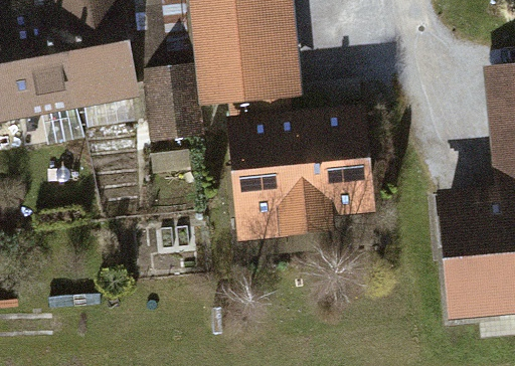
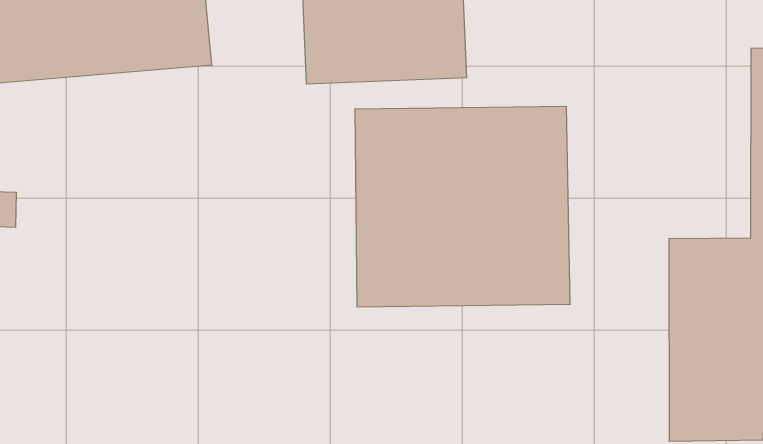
building: [144,68,197,152] -> none

